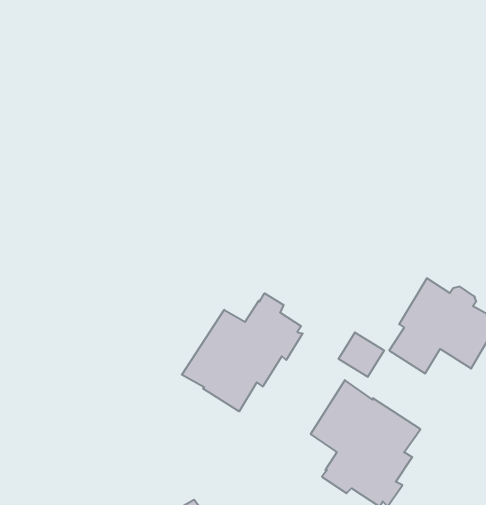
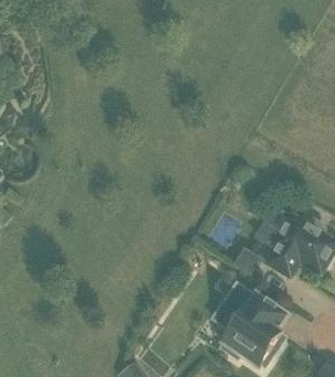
building: [182,293,303,411] -> none

